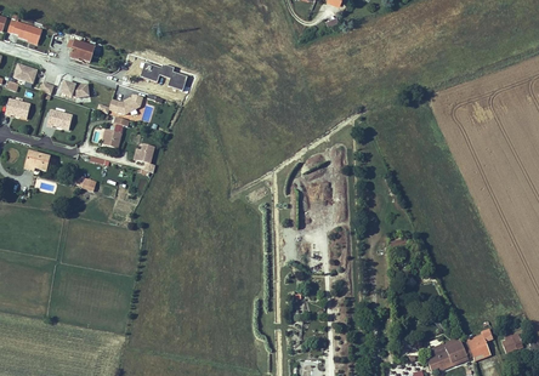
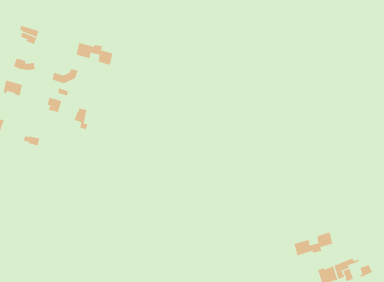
building: none -> [294,232,333,256]

